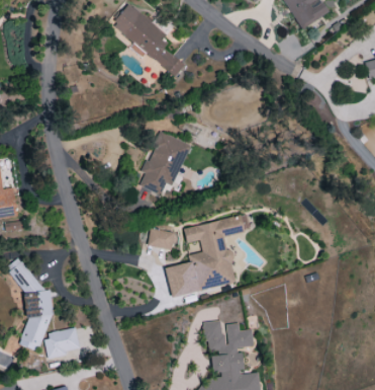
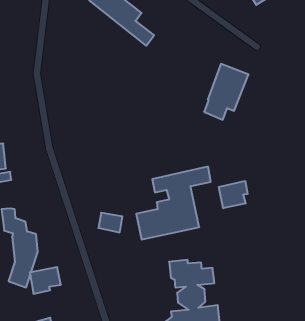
building: [139,132,190,196] -> [204,64,249,120]
building: [148,228,175,250] -> [98,213,122,232]
building: none -> [219,181,248,208]

